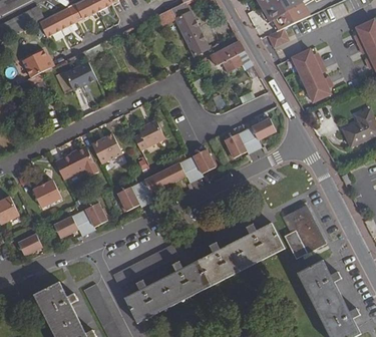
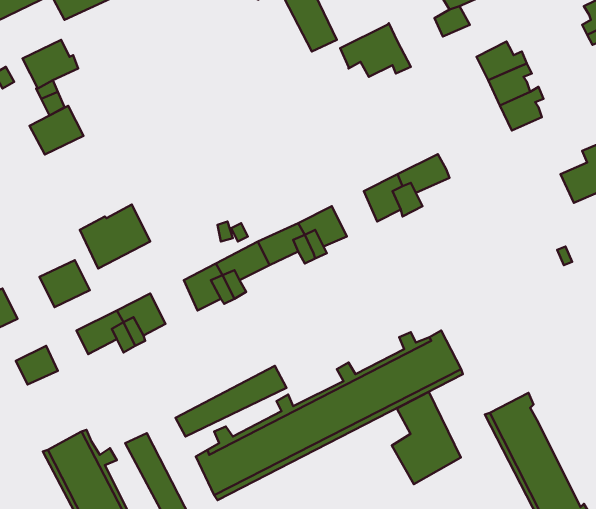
building: [65,61,97,90] -> [30,106,83,154]
building: [133,120,164,150] -> none
building: [91,133,121,163] -> none
building: [284,205,325,260] -> [392,392,461,484]

